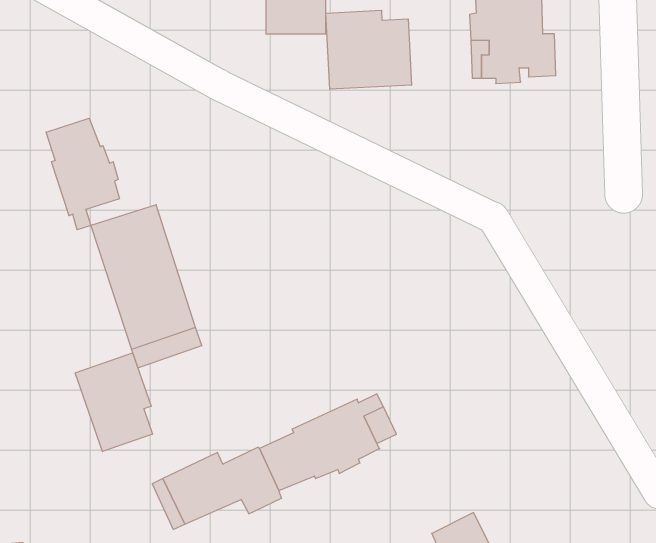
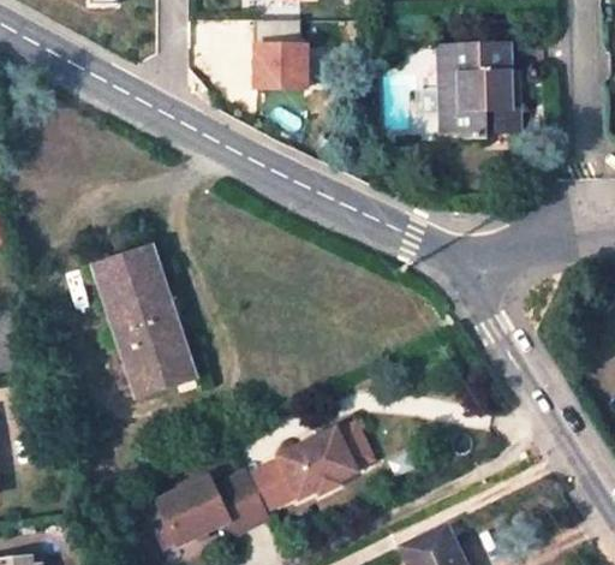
building: [326,10,411,89] -> none
building: [46,118,120,230] -> none
building: [75,353,153,452] -> none

